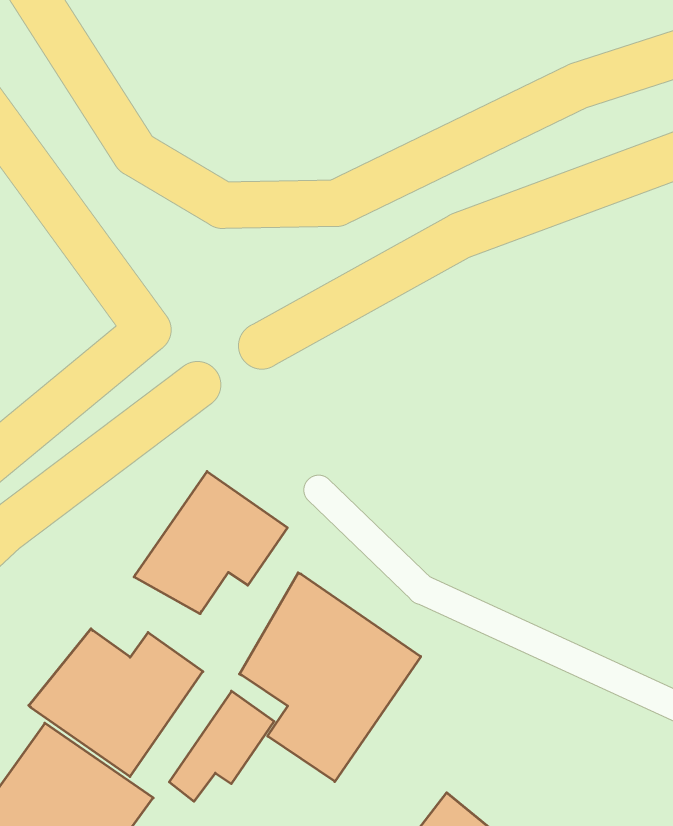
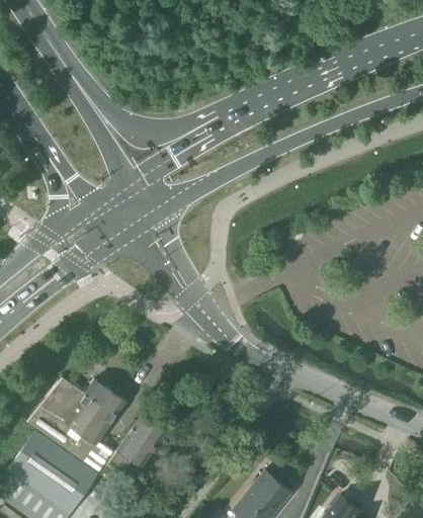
building: [134,471,287,614] -> none
building: [239,573,421,782] -> none

